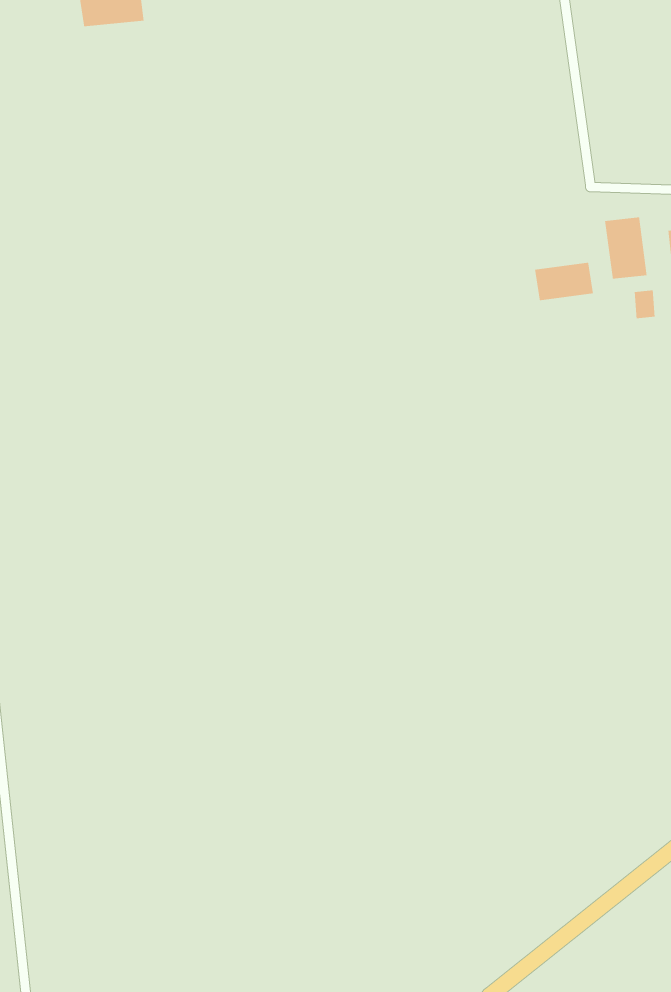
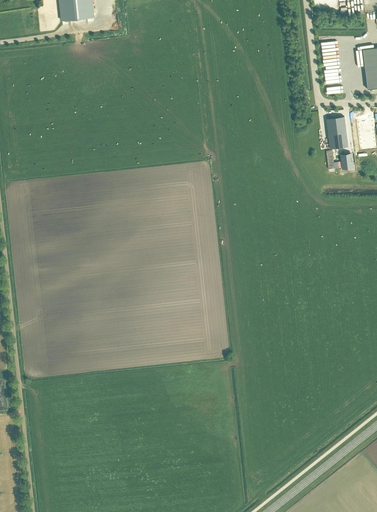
building: [534,262,594,301] -> none

